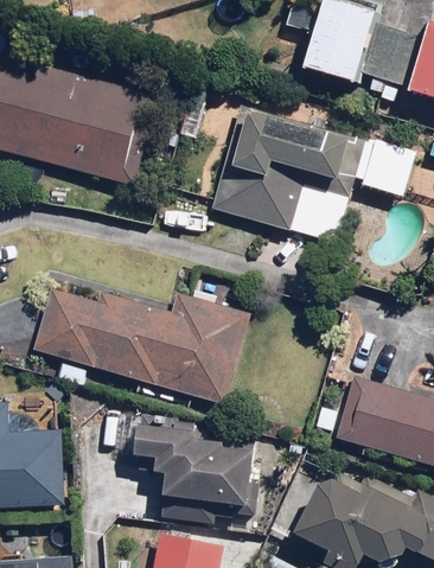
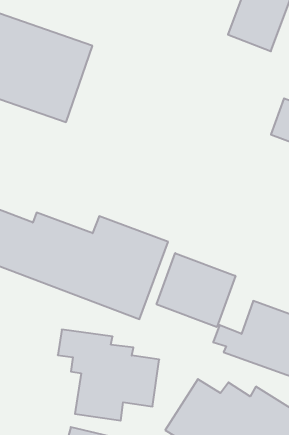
building: [208,103,352,243] -> none
building: none -> [157,253,235,327]

